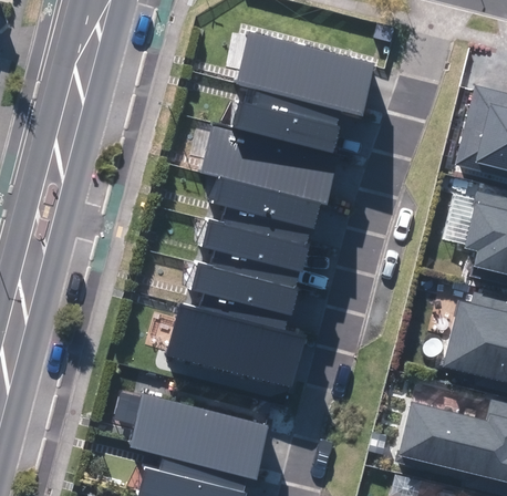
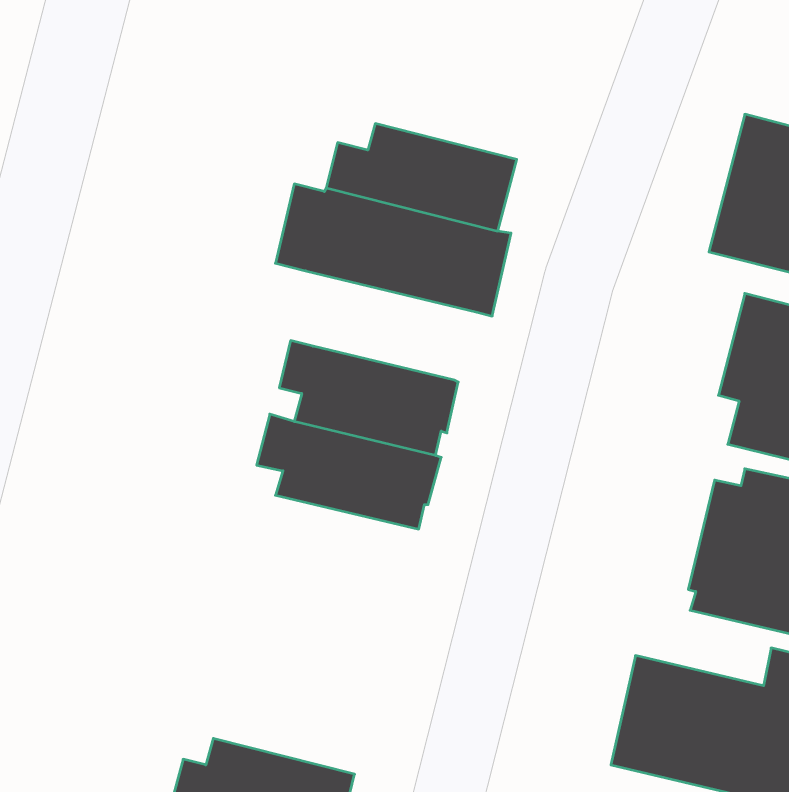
building: [236,31,374,116] -> none
building: [211,176,319,240] -> none
building: [167,303,306,383] -> none
building: [131,391,269,474] -> none

